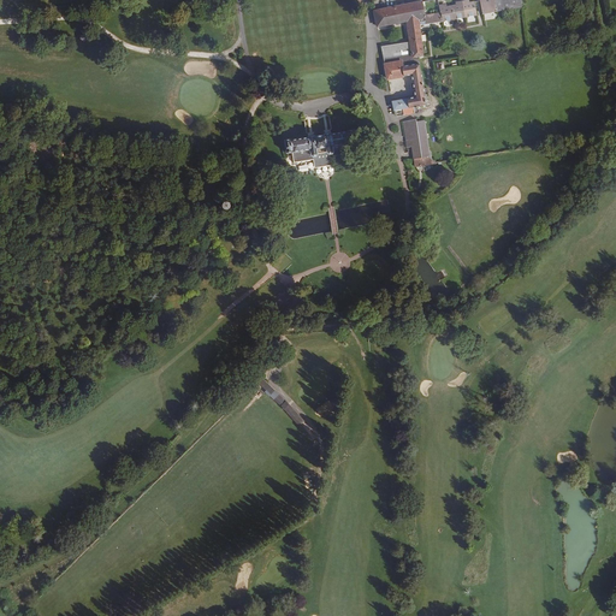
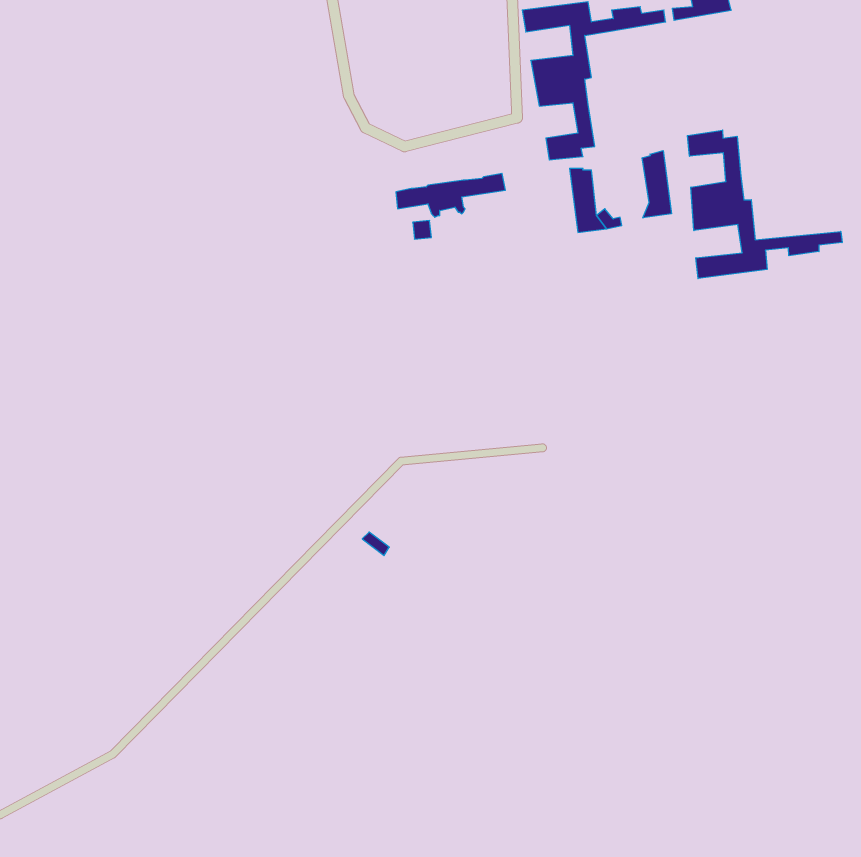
building: none -> [687,130,842,279]
building: none -> [642,151,671,218]

